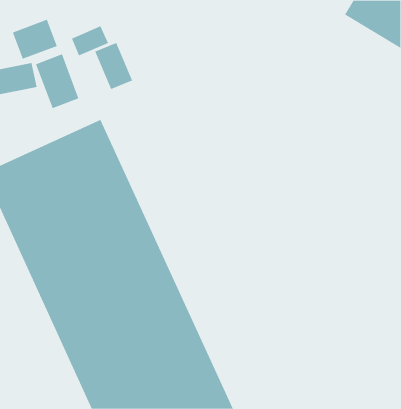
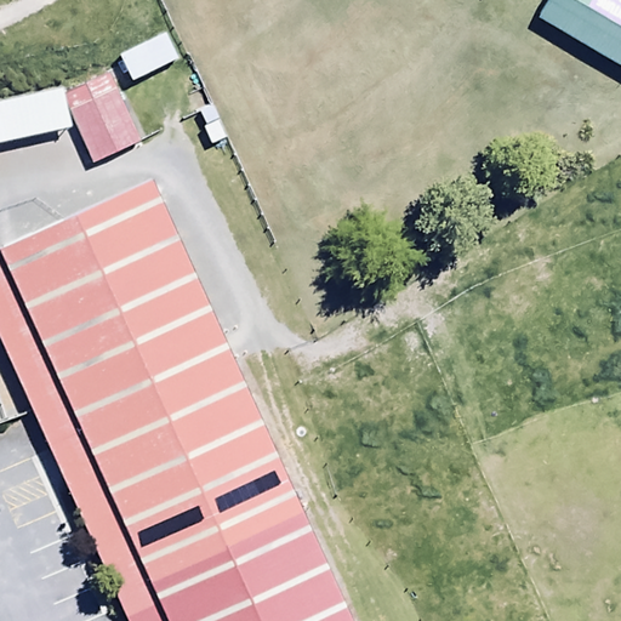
building: [12,19,57,60] -> none
building: [95,42,133,90] -> none

